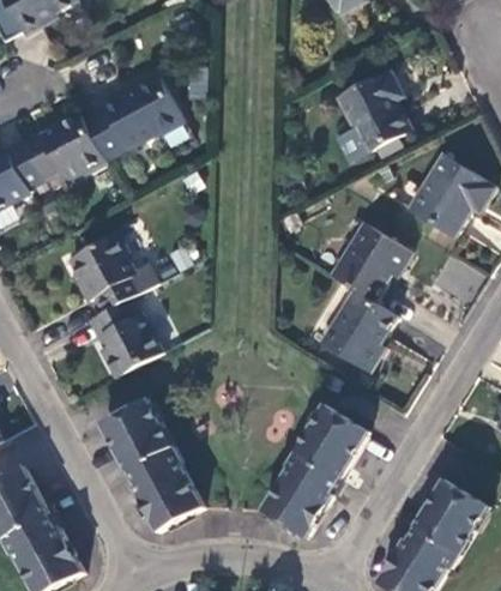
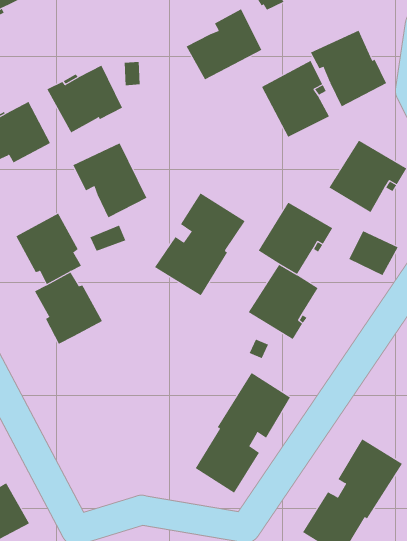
building: none -> [186,9,262,80]
building: none -> [310,30,387,107]
building: none -> [73,143,147,218]
building: none -> [154,192,246,296]
building: [103,400,203,531] -> none

